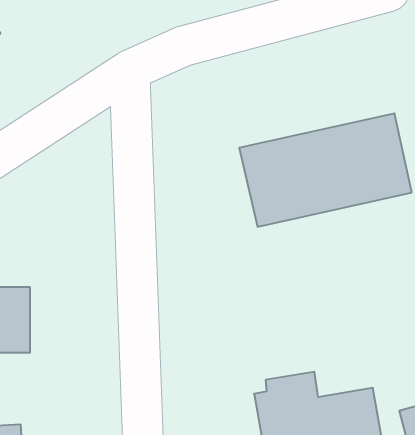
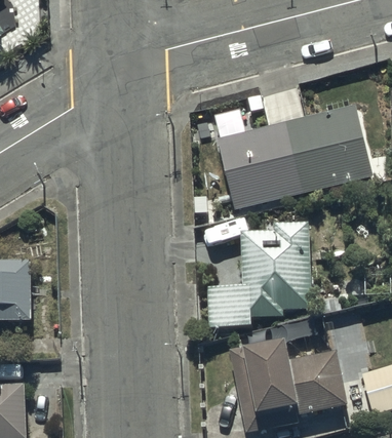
building: none -> [206,223,312,329]

